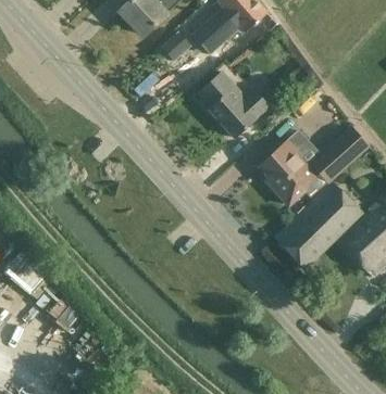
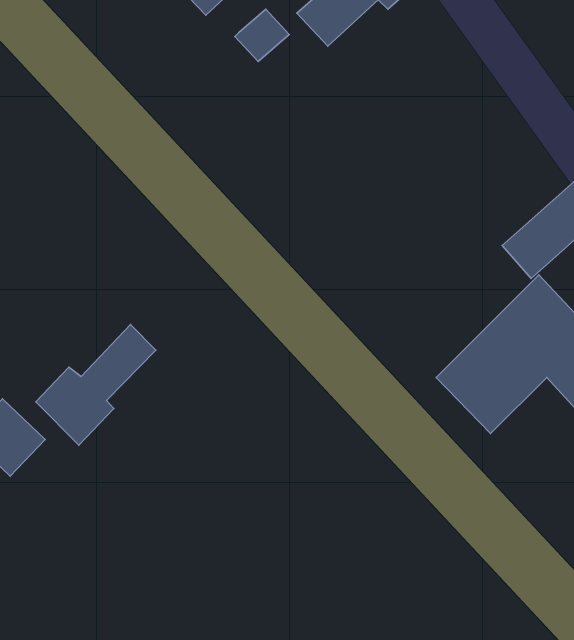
building: [197,73,267,138] -> none
building: [258,136,317,205] -> none
building: none -> [36,324,156,445]

